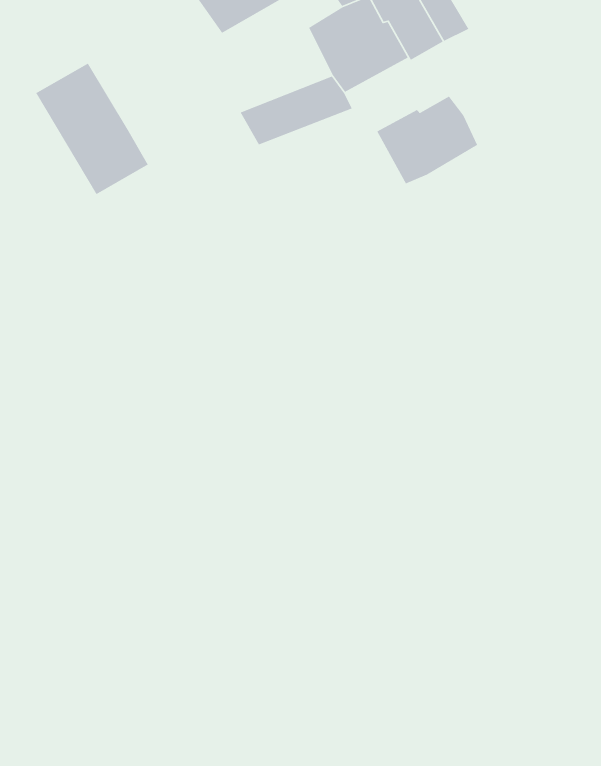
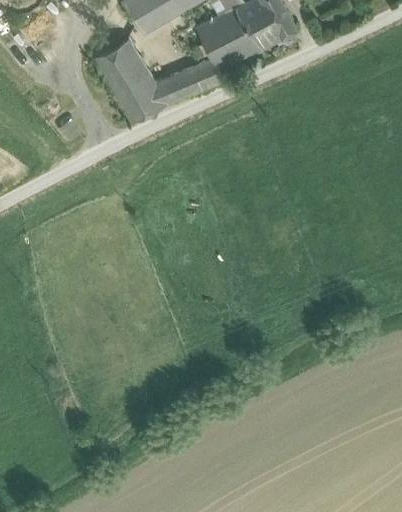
building: [35,62,149,195] -> [96,39,167,122]
building: [376,96,478,185] -> none

